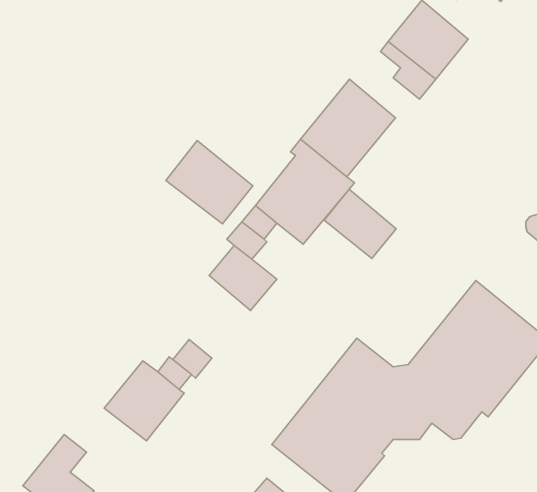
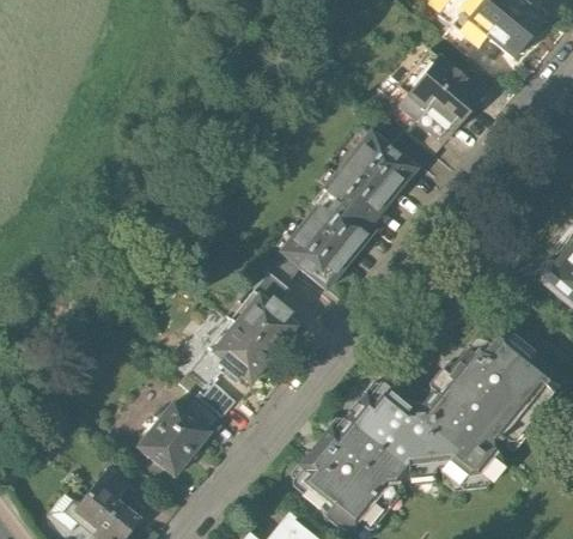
building: [166,141,253,224] -> none
building: [324,189,396,259] -> none
building: none -> [208,319,276,382]

